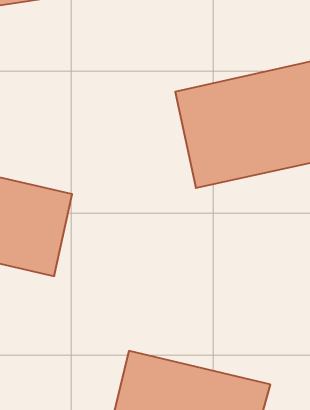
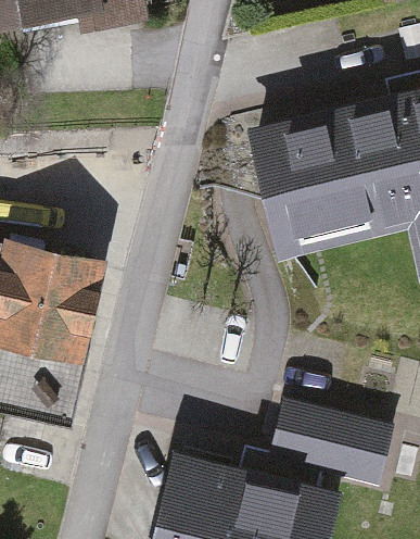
building: none -> [271,398,395,469]

